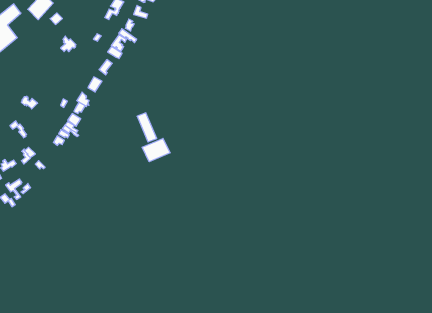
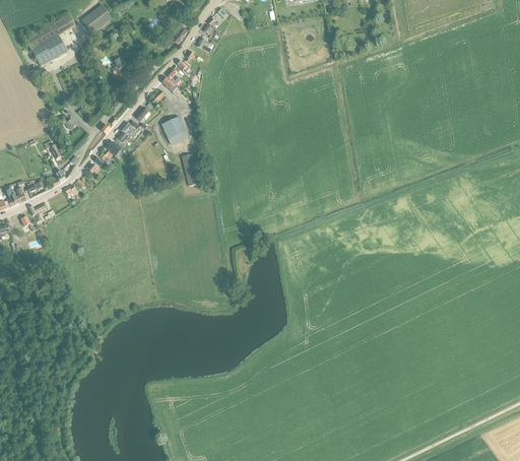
building: none -> [161,115,189,144]
building: [142,138,170,162] -> none

